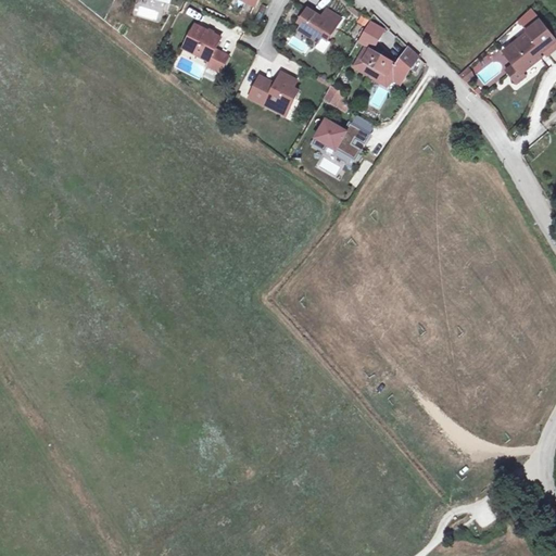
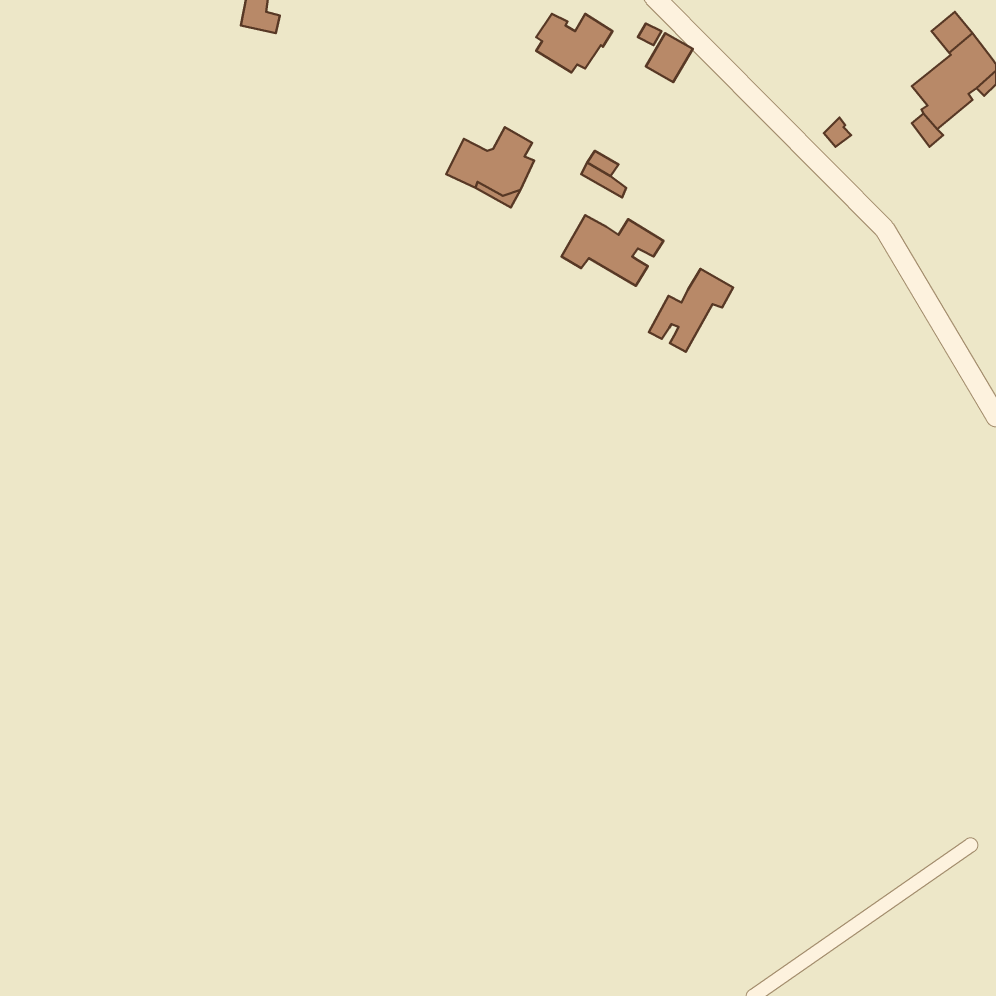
building: [184,24,227,71] -> none
building: [353,46,417,85] -> none
building: none -> [649,269,733,352]

